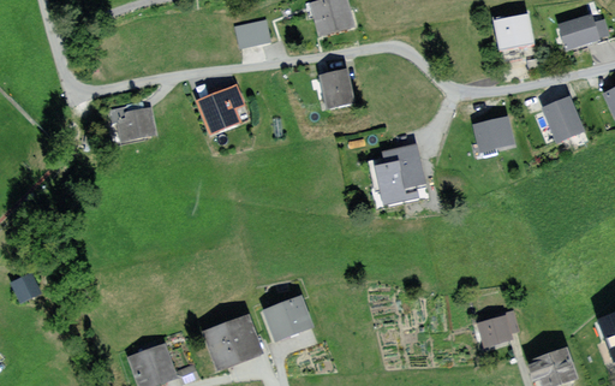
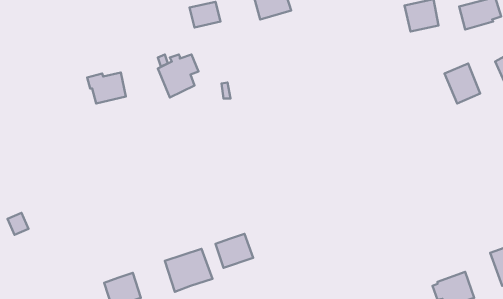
building: [318,66,353,108] -> none
building: [472,114,514,152] -> none
building: [372,141,425,203] -> none
building: [476,309,519,348] -> none

